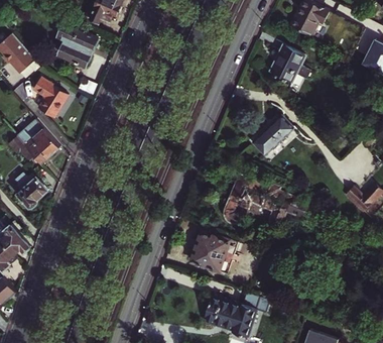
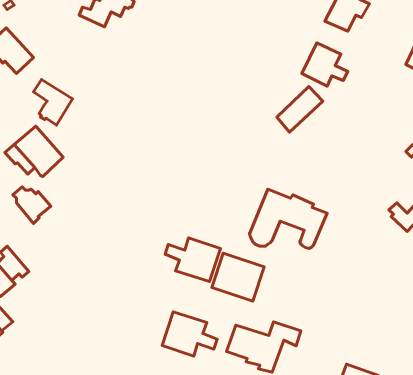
building: [59,25,98,66] -> none
building: [253,115,293,155] -> [277,86,323,132]
building: none -> [165,238,220,281]
building: none -> [162,312,217,356]

